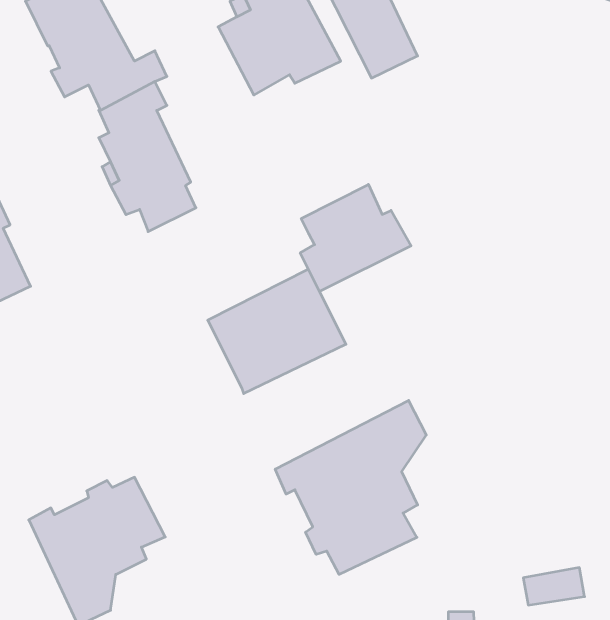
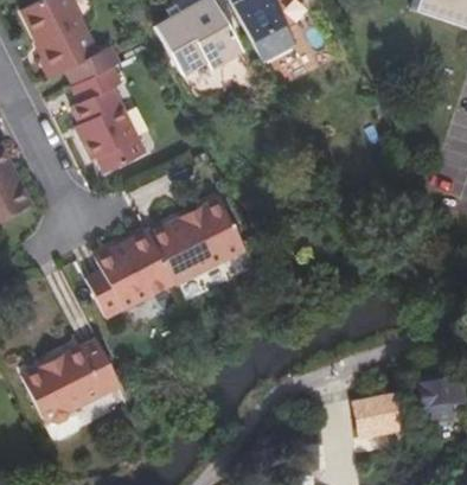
building: [300,184,411,291] -> none
building: none -> [88,229,174,314]
building: [275,400,426,574] -> none

